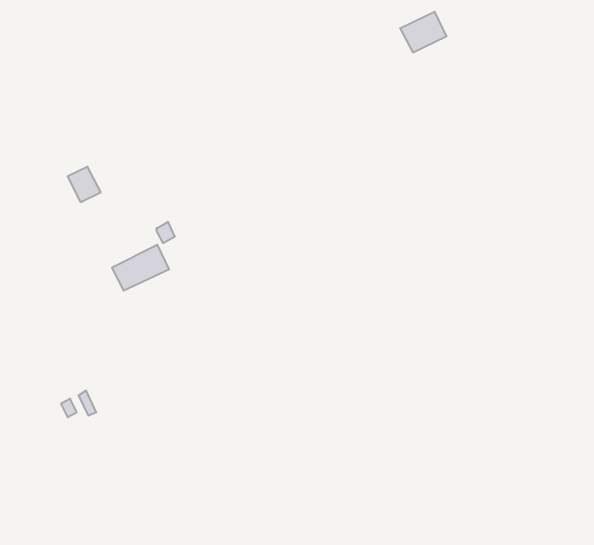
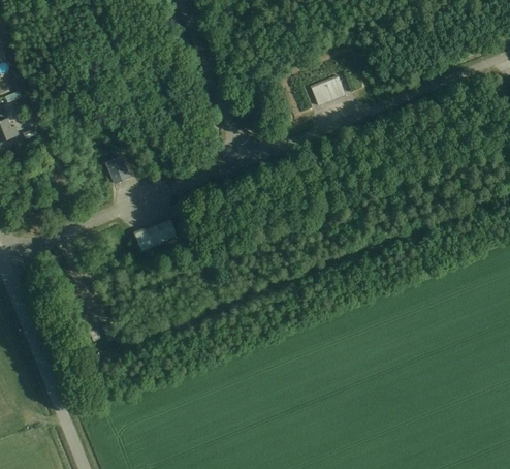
building: [400,12,447,52] -> [312,76,346,105]

